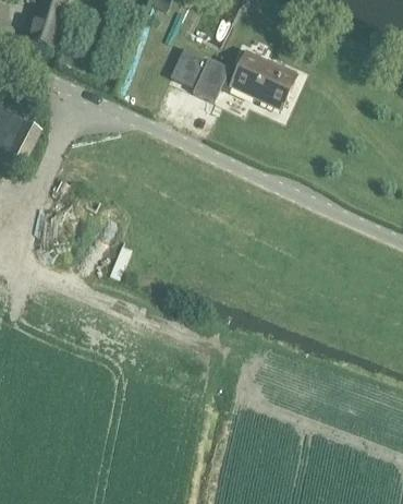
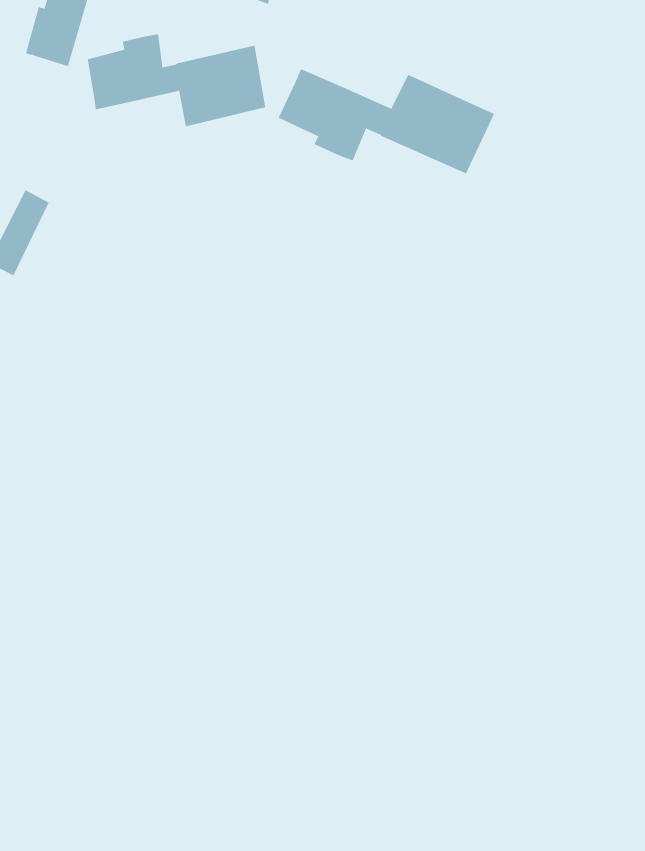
building: none -> [87,34,266,127]

